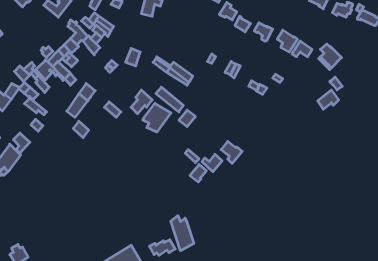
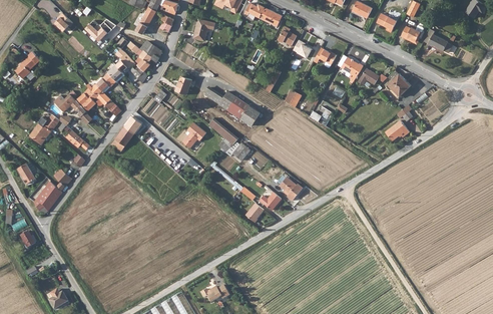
building: [143,103,171,132] -> none
building: [171,216,194,251] -> none

